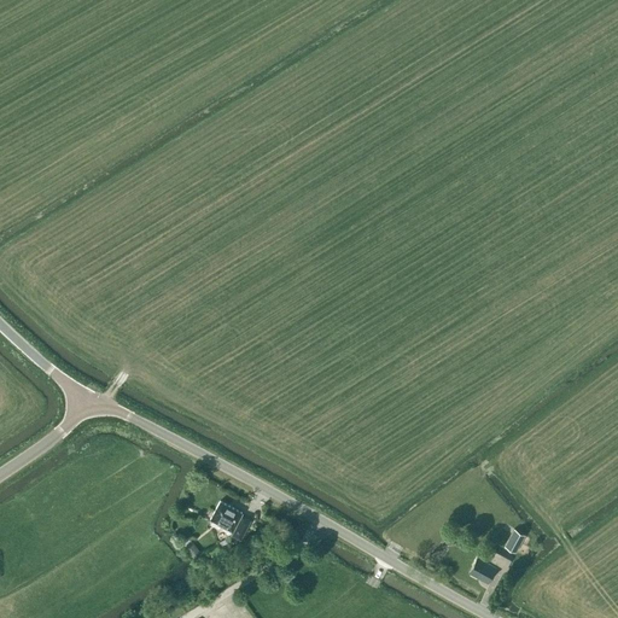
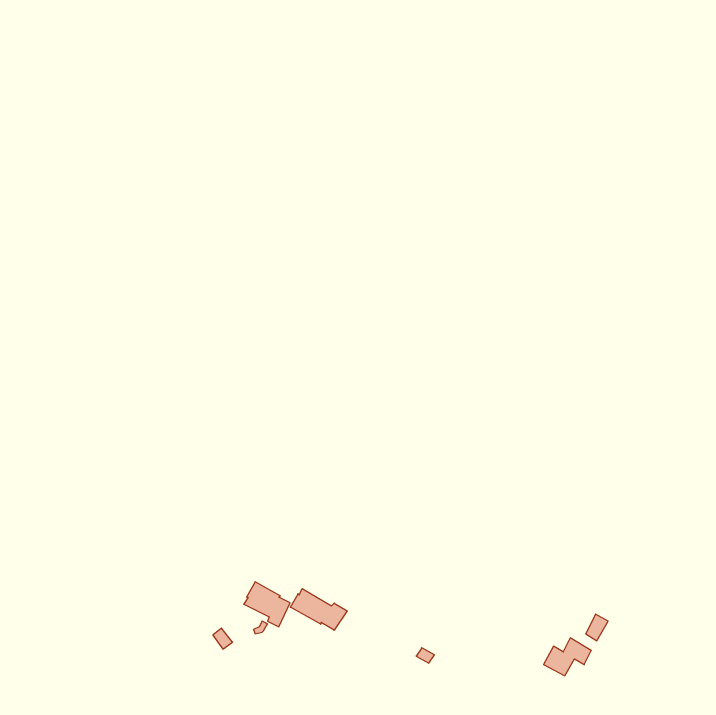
building: none -> [290,589,347,630]

